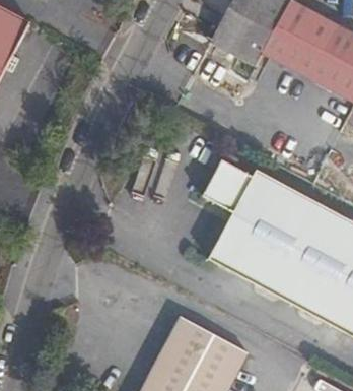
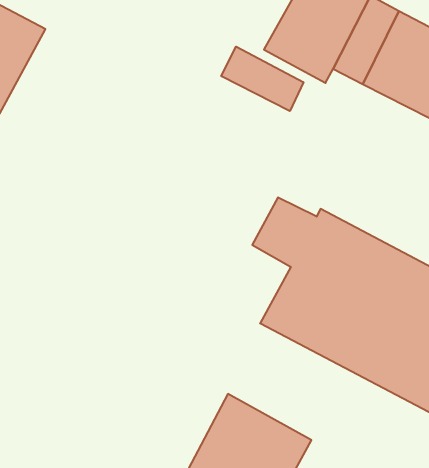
building: none -> [221,47,303,111]

